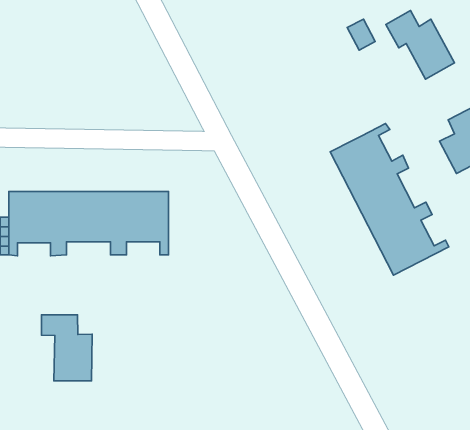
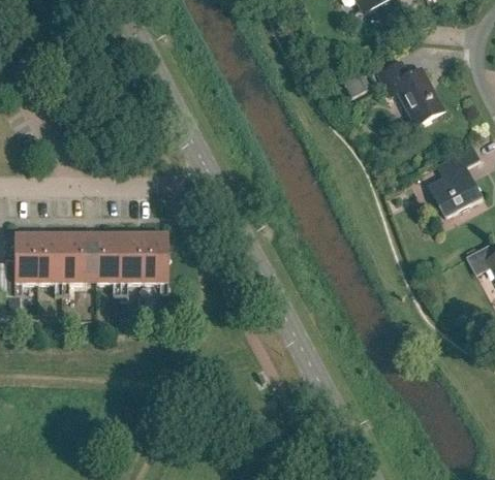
building: [330,124,449,275] -> none
building: [41,315,92,381] -> none

